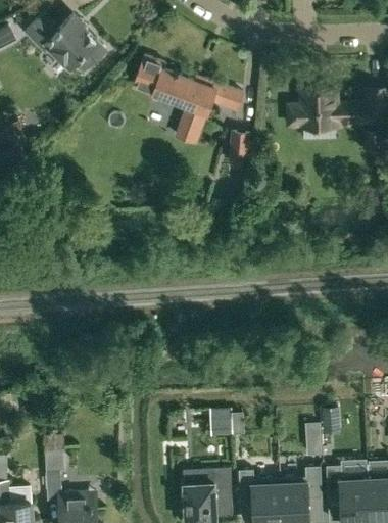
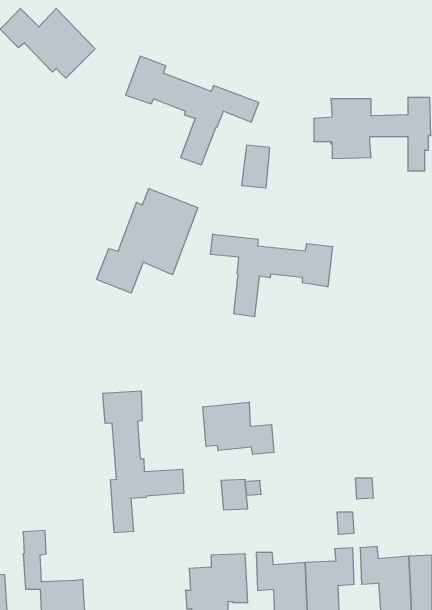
building: none -> [97,188,198,293]
building: none -> [211,234,333,317]
building: none -> [103,391,184,533]
building: none -> [203,402,274,454]

